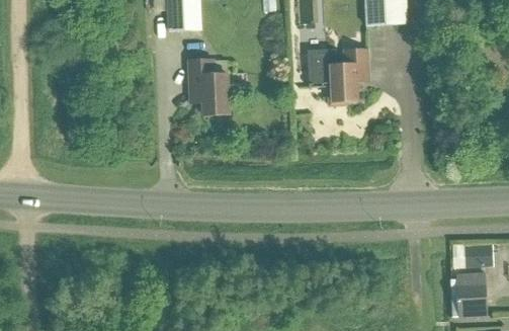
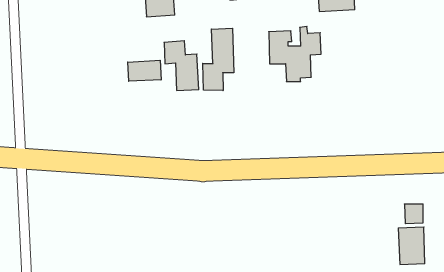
building: none -> [203,28,234,91]
building: none -> [128,60,161,81]

